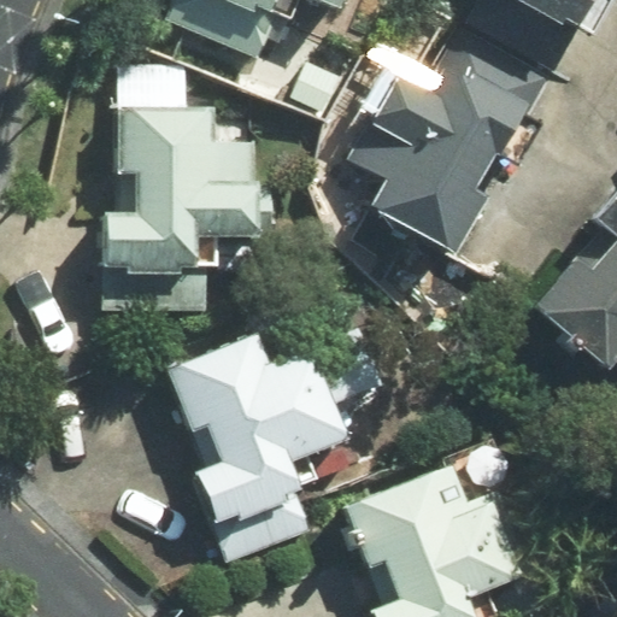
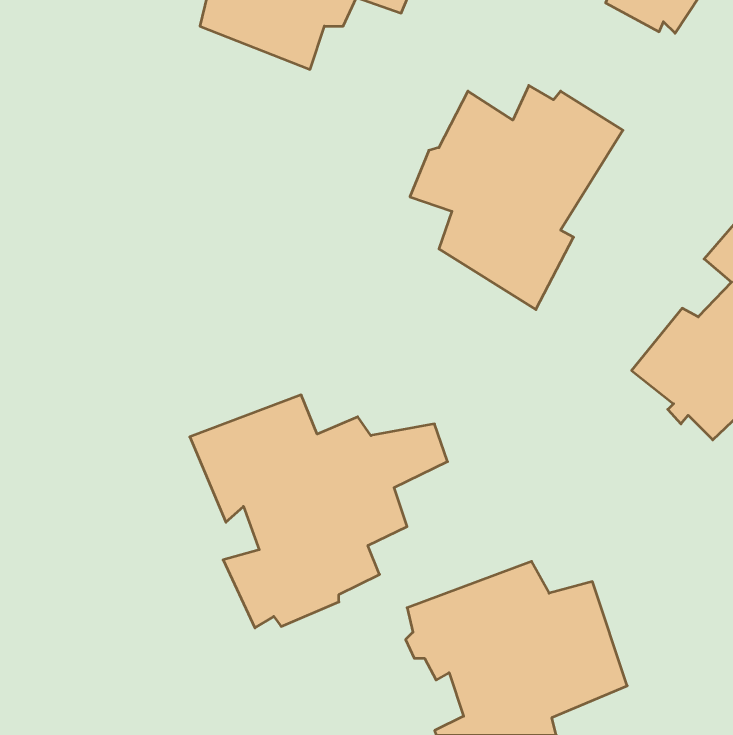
building: [105,102,287,276] -> none

